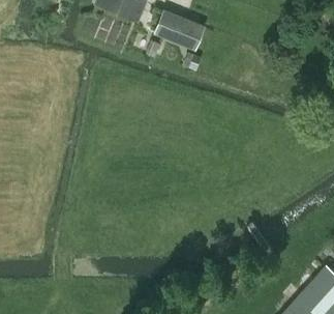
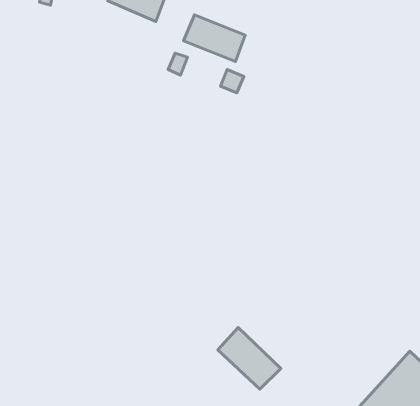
building: none -> [218,328,281,389]

